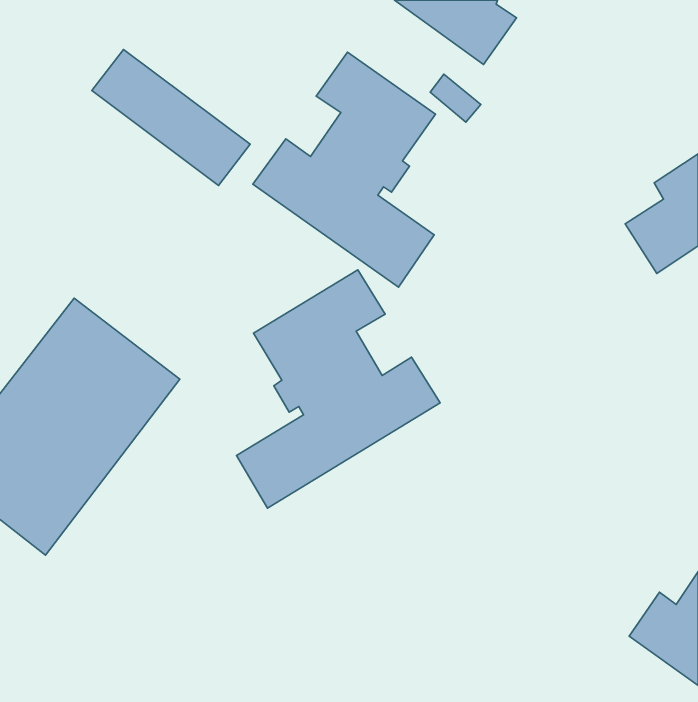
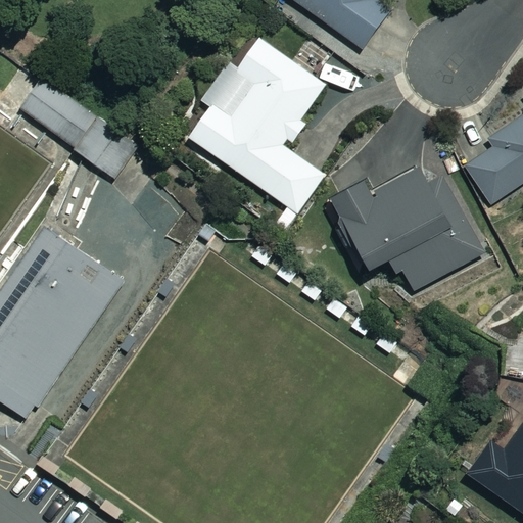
building: [92,49,250,185] -> [19,77,137,178]
building: none -> [331,161,483,293]
building: [237,270,440,508] -> none

